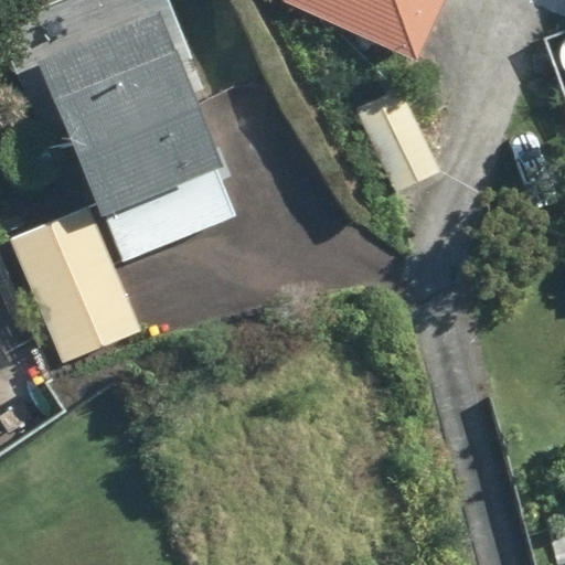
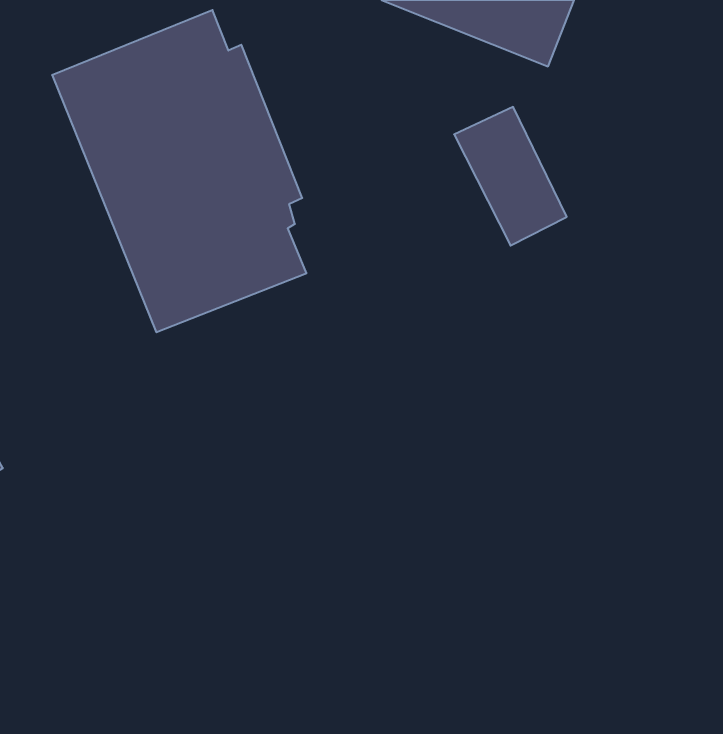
building: [6,205,135,360] -> none

